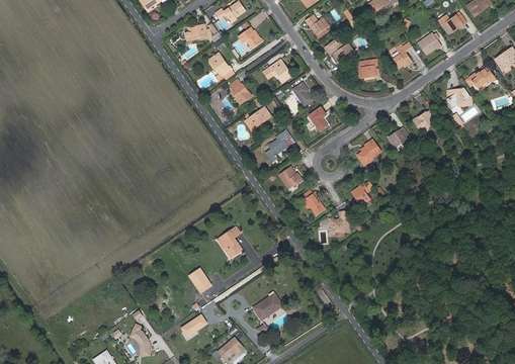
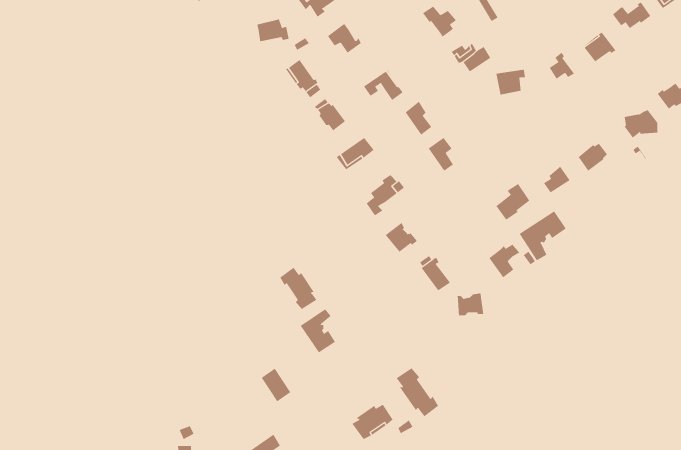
building: none -> [519,210,566,261]
building: none -> [279,267,317,310]
building: none -> [396,368,439,417]

